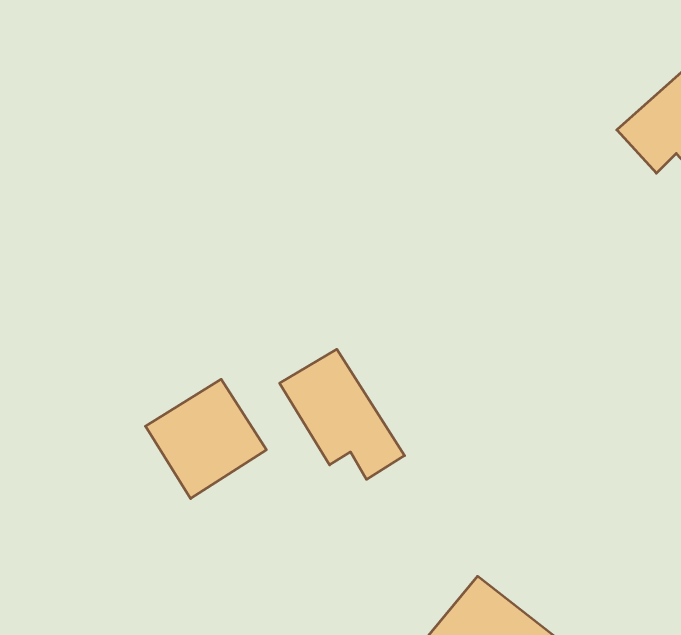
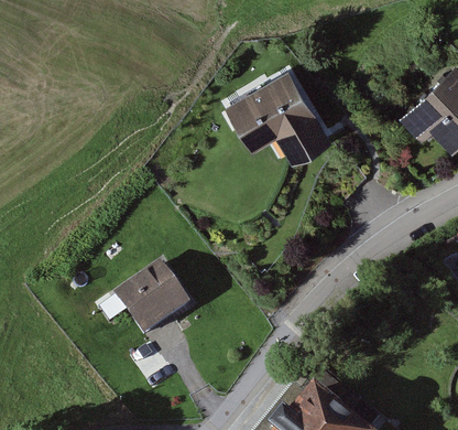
building: none -> [228,76,315,155]
building: [280,349,405,479] -> none

